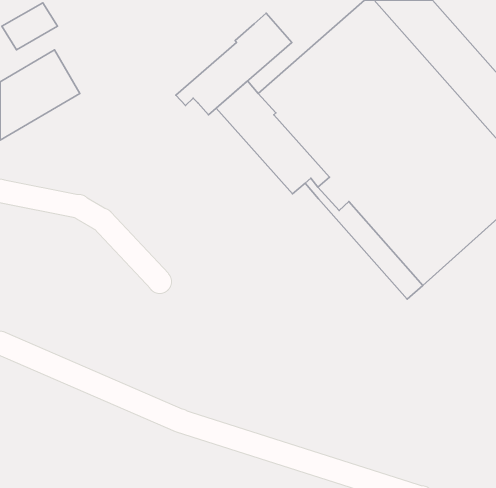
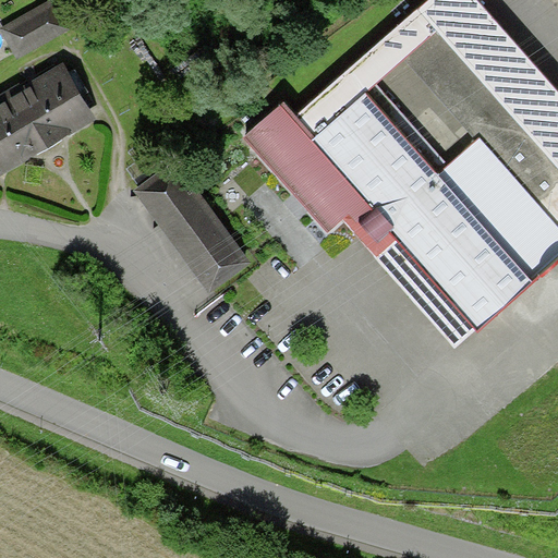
building: [176,13,292,115] -> none
building: none -> [136,157,246,290]

